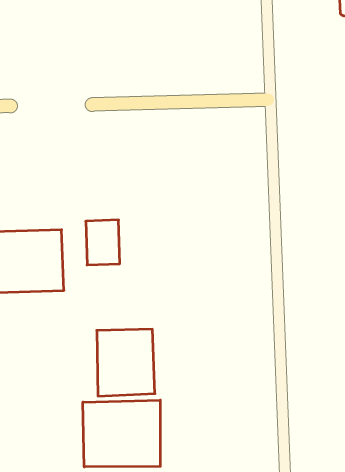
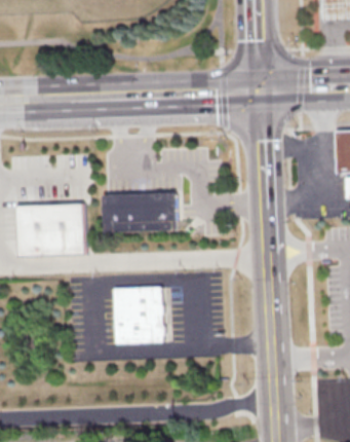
building: none -> [132,192,180,231]
building: [83,400,160,467] -> none

